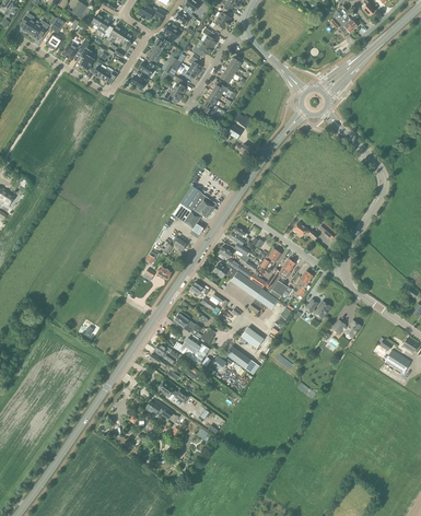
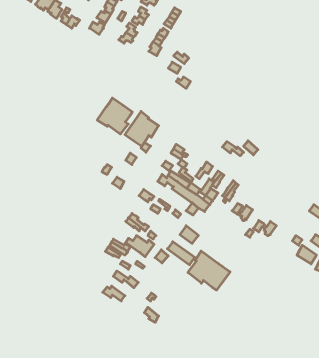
building: none -> [97,98,132,134]
building: none -> [188,251,230,290]

